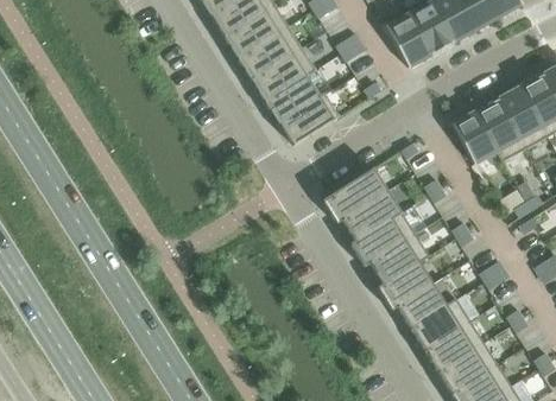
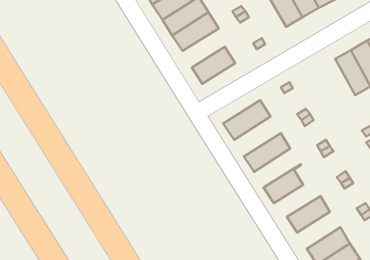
building: [267,69,326,122] -> none
building: [454,110,505,164] -> none
building: [339,190,403,244] -> none
building: [366,234,430,287] -> none
building: [393,284,457,327] -> none
building: [425,320,485,371] -> none

